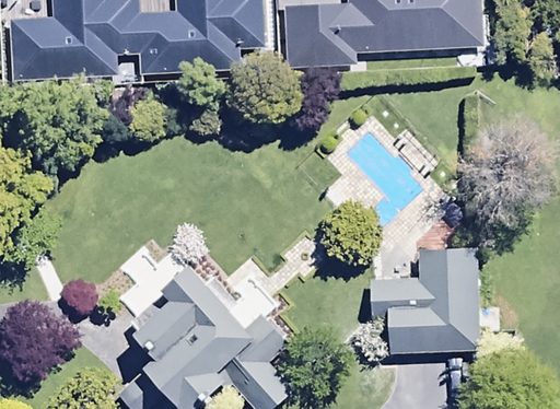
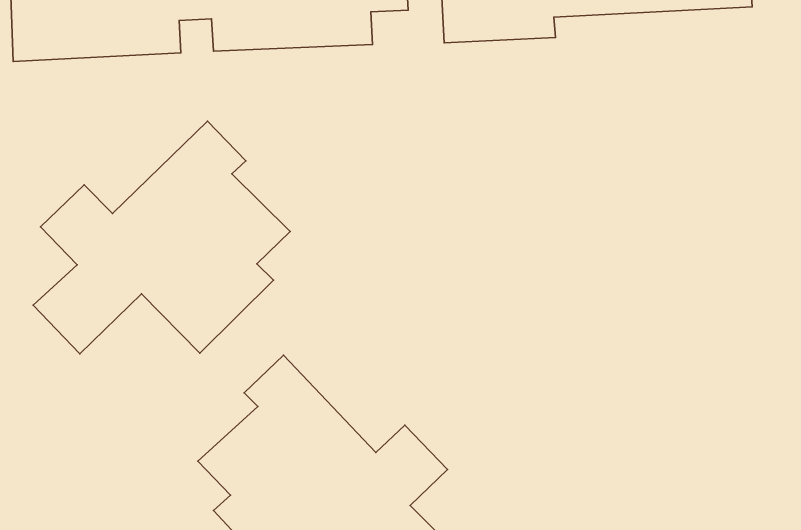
building: none -> [33,121,290,354]
building: [368,249,480,357] -> none

